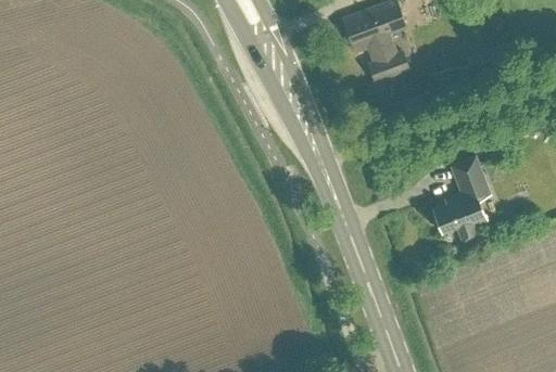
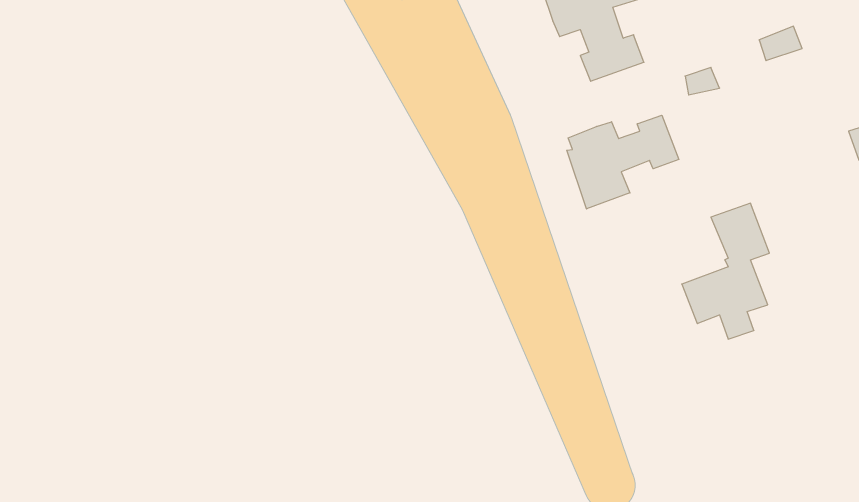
building: none -> [567,115,679,209]

